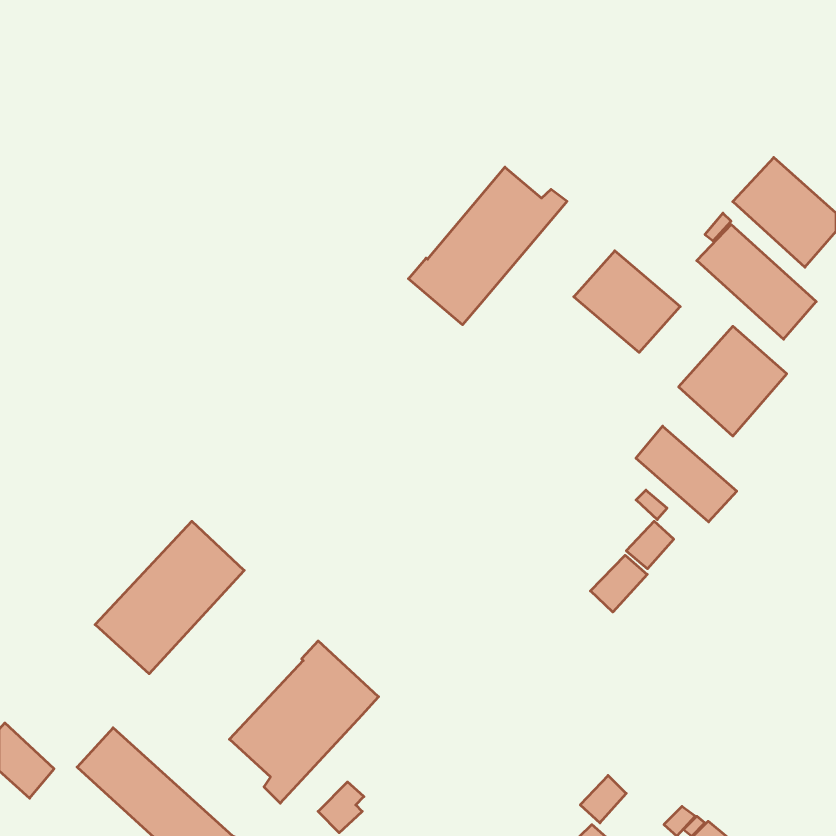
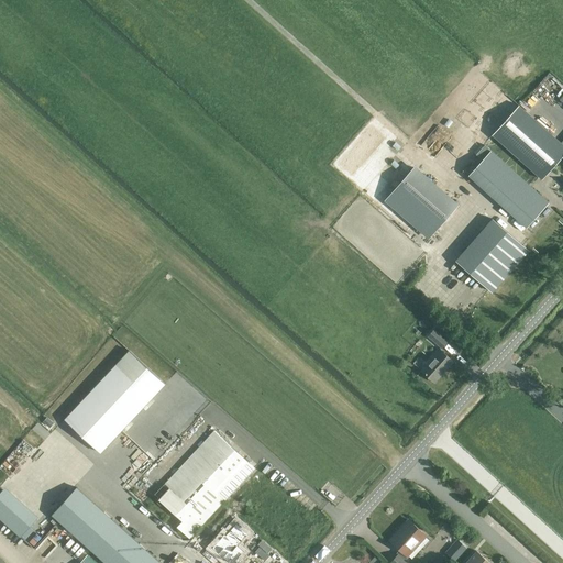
building: [408,167,567,325] -> none
building: [636,426,737,522] -> none
building: [590,555,647,612] -> none

